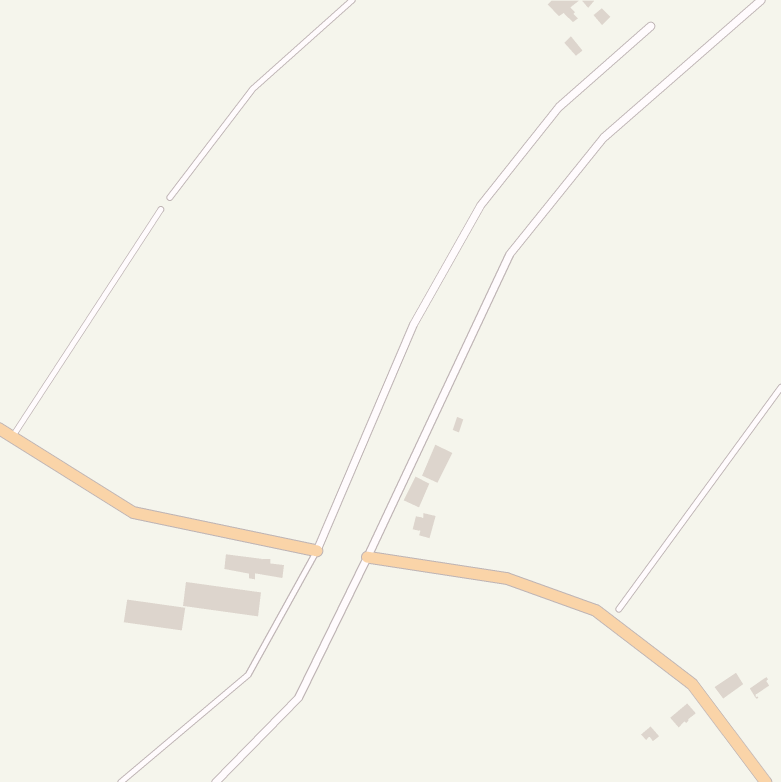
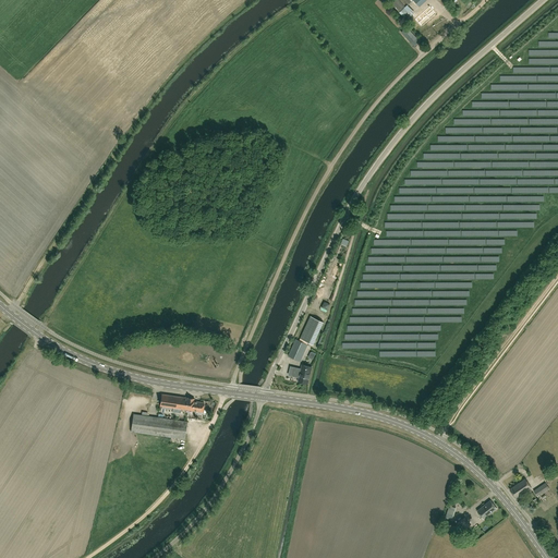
building: [123,599,186,631] -> none

